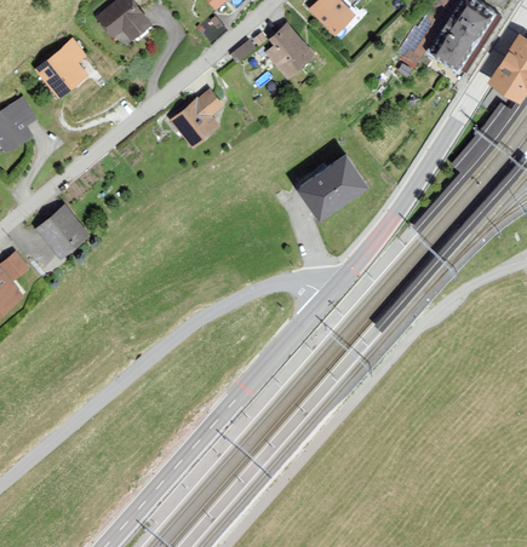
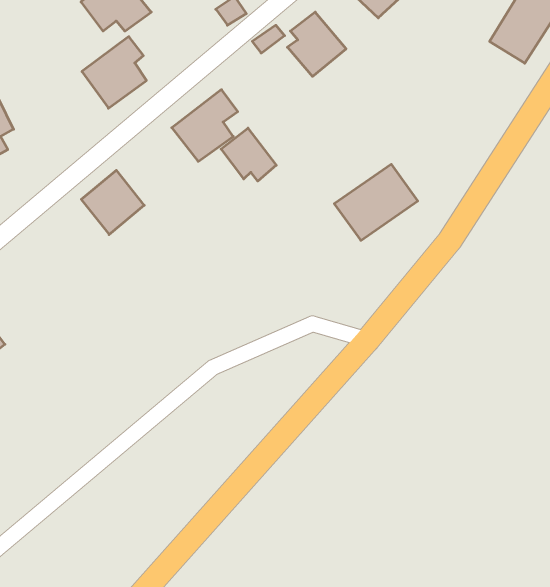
building: [33,41,86,100] -> [82,37,146,108]
building: none -> [221,128,276,181]
building: [42,203,94,257] -> [81,170,144,235]

